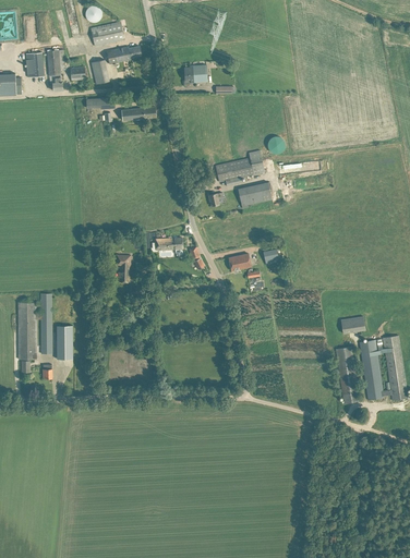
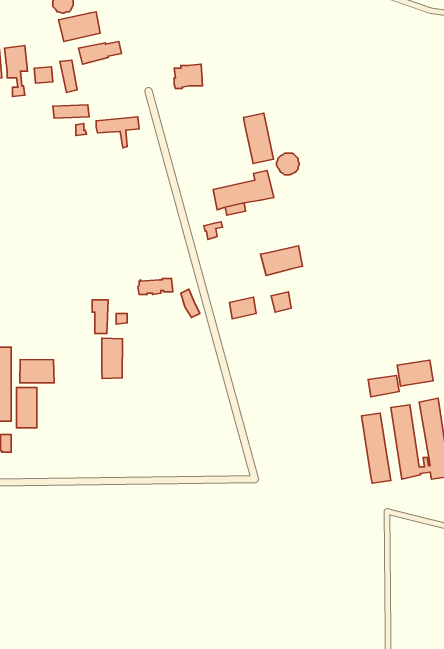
building: none -> [243,113,274,164]
building: [237,182,270,206] -> [261,246,302,276]
building: none -> [102,338,122,379]
building: none -> [20,360,54,383]
building: none -> [397,360,433,386]

